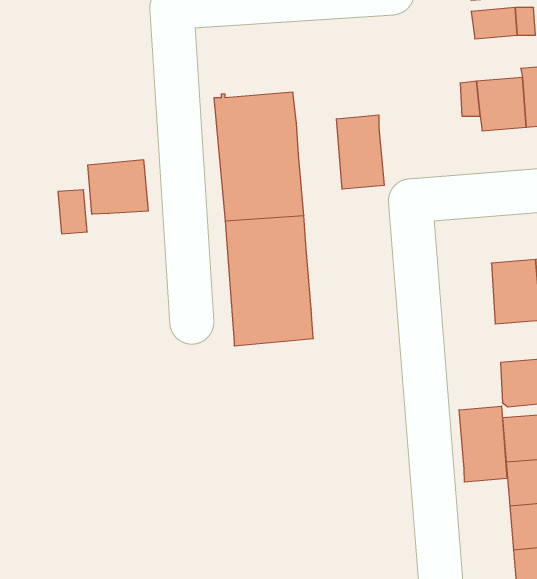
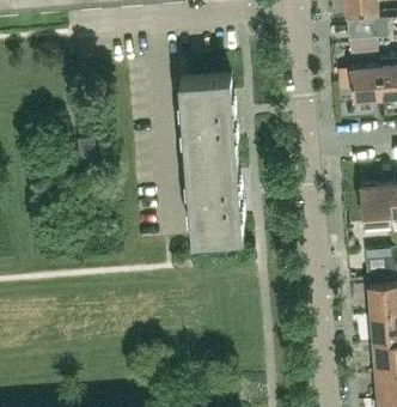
building: [336,115,384,189] -> none
building: [88,160,148,214] -> none
building: [459,406,507,482] -> none

